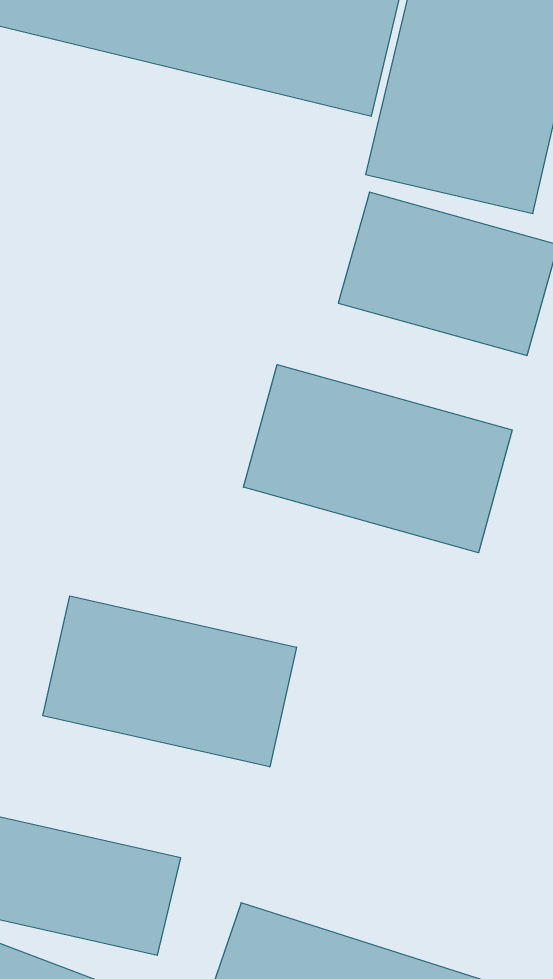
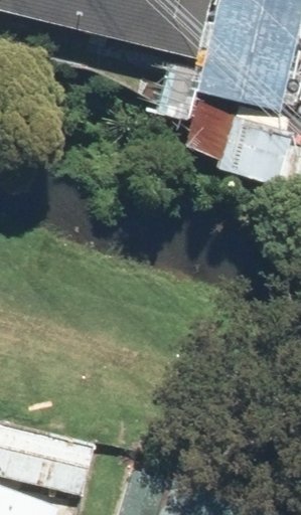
building: [243,365,512,553] -> none
building: [43,596,296,767] -> none

